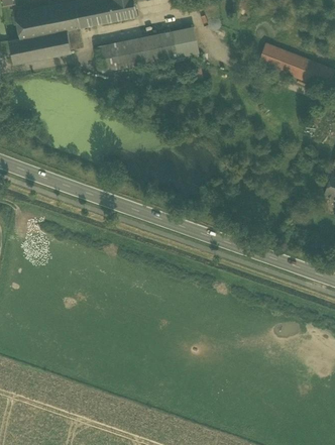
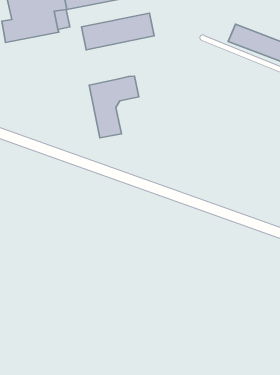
building: [172,28,199,58] -> none
building: none -> [89,76,139,138]

